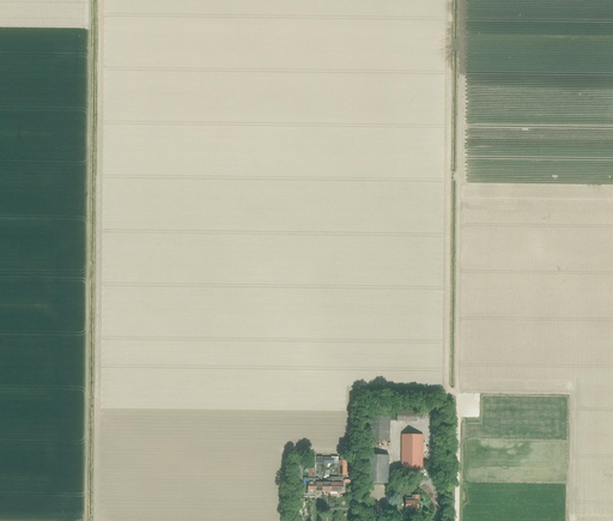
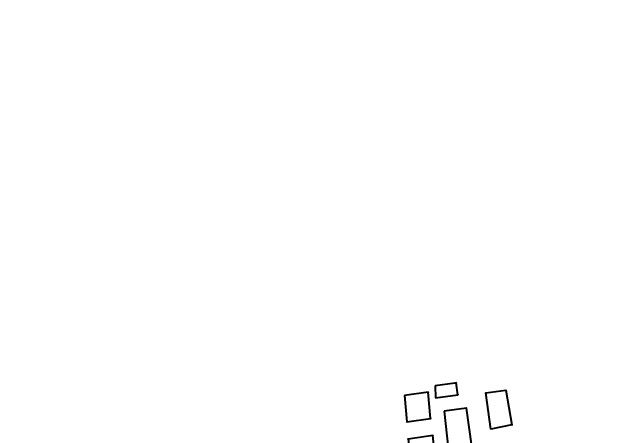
building: none -> [486,390,512,429]

